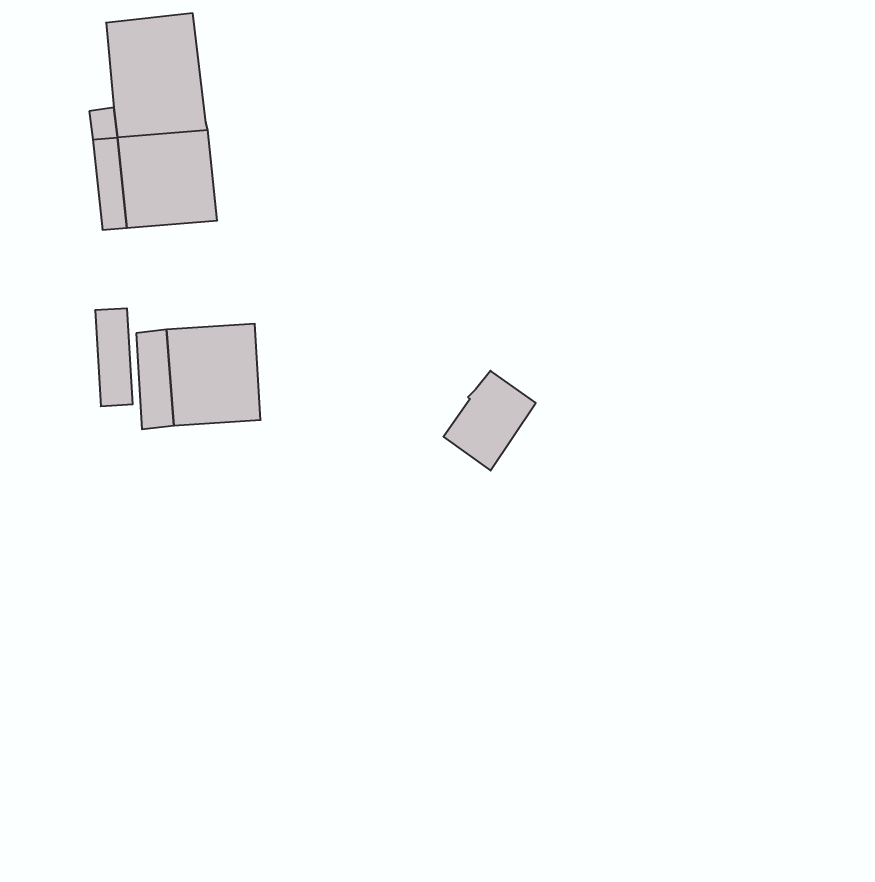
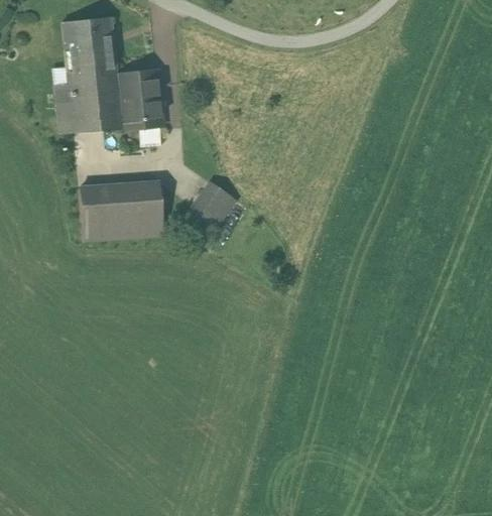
building: none -> [117,70,162,127]
building: [95,308,133,406] -> [143,181,163,234]
building: [443,371,536,471] -> [187,180,236,234]

